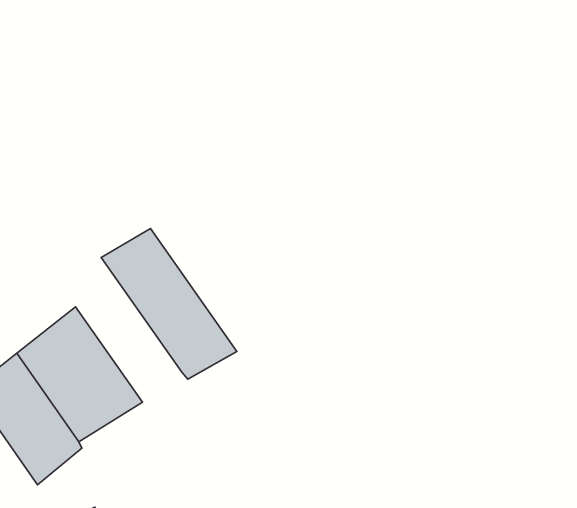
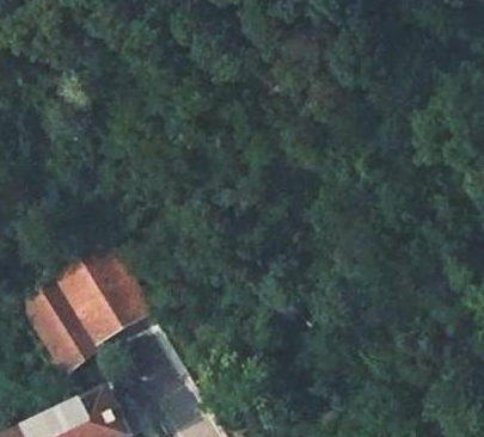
building: [101,228,237,379] -> none

